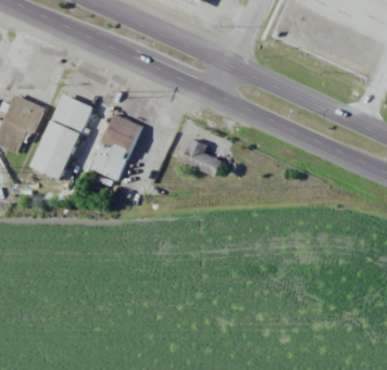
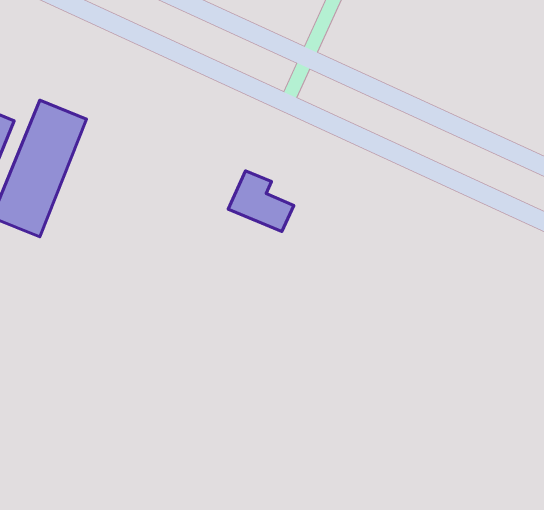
building: [91,113,140,180] -> none

